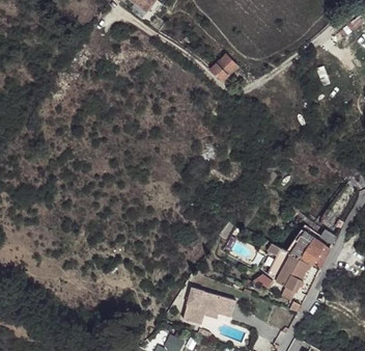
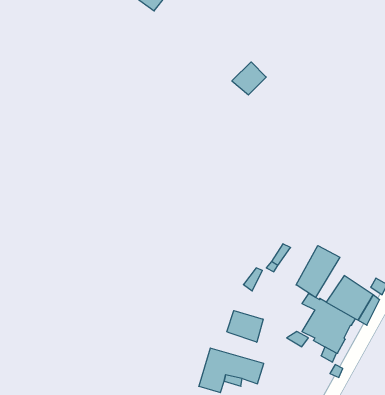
building: none -> [296,246,340,297]
building: none -> [227,311,263,342]

